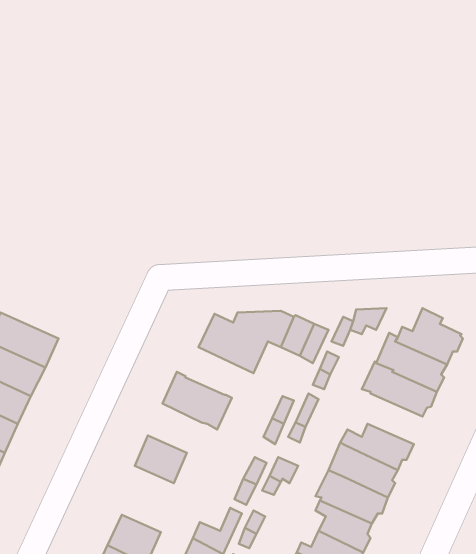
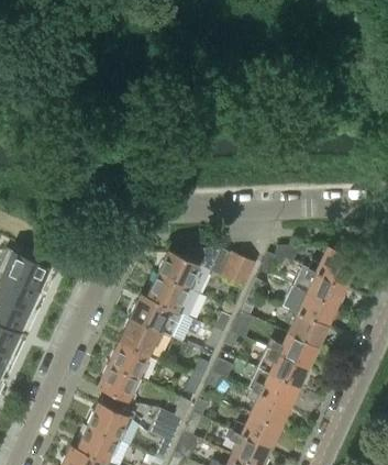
building: none -> [147,276,199,318]
building: none -> [284,311,328,350]
building: none -> [119,319,159,356]
building: none -> [98,366,138,402]

